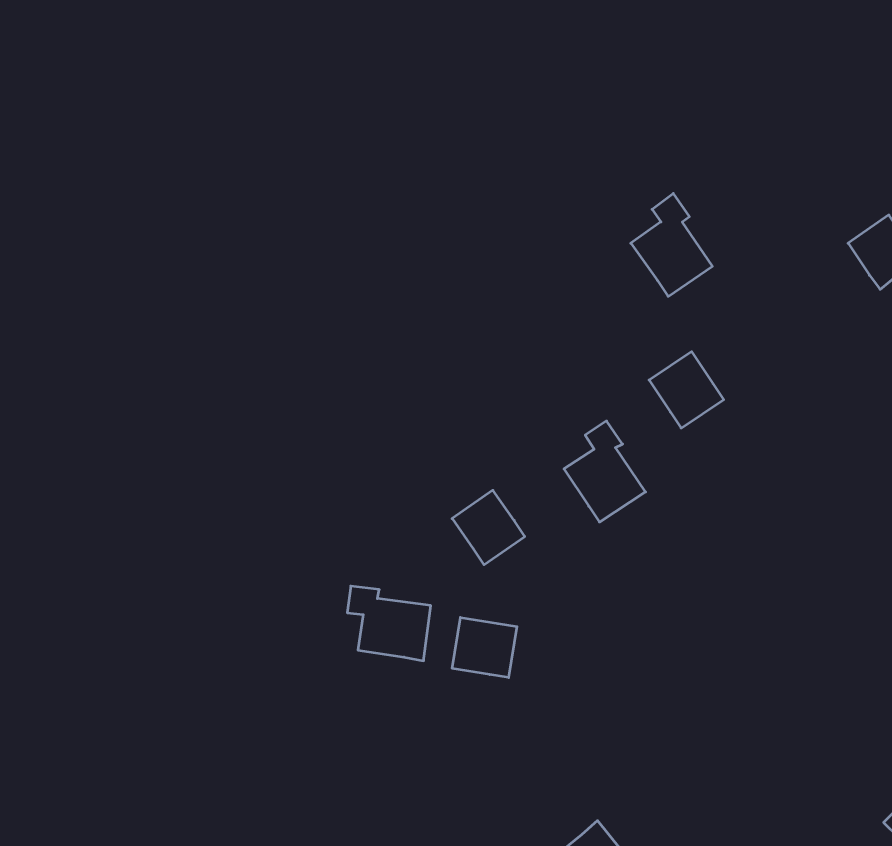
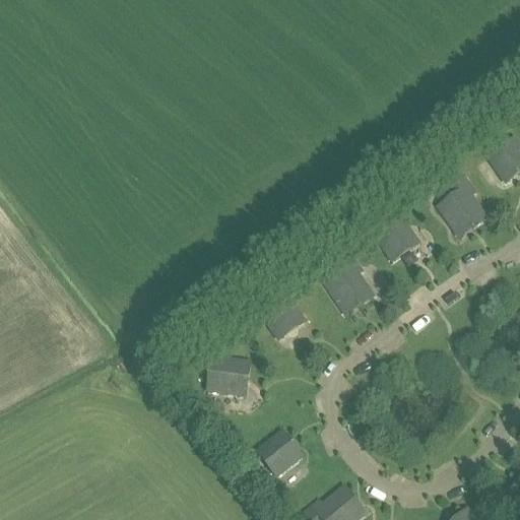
building: [631,193,712,296] -> [439,178,485,237]
building: [452,617,517,678] -> none
building: none -> [258,431,301,473]

